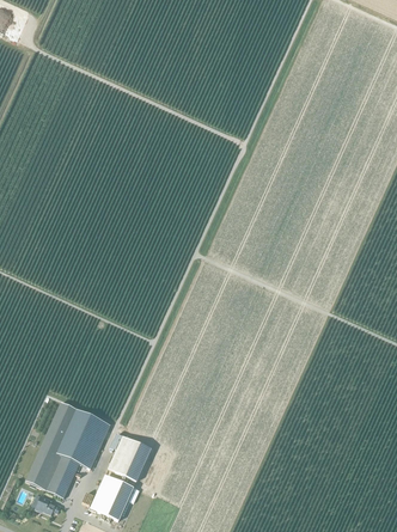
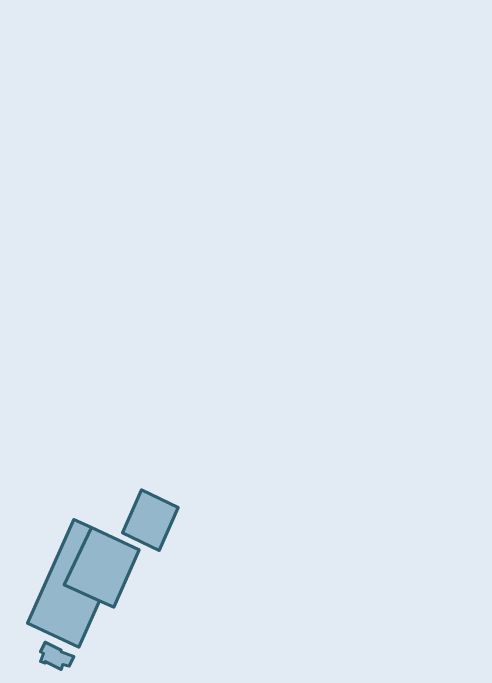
building: [110,435,152,481] -> [122,490,178,550]
building: [90,473,141,519] -> none

